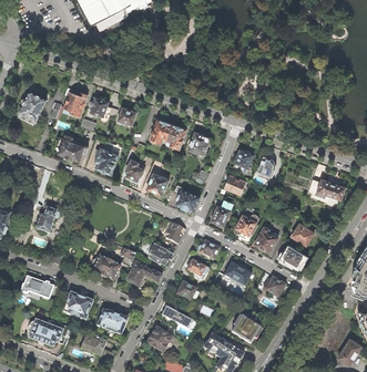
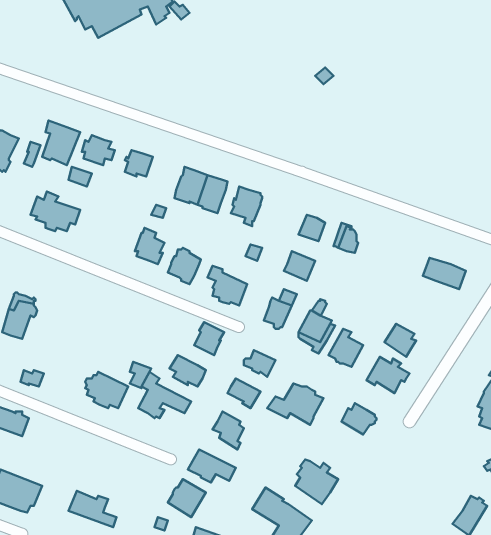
building: [93,143,121,173] -> none
building: [63,291,93,319] -> none
building: [96,309,128,334] -> none

